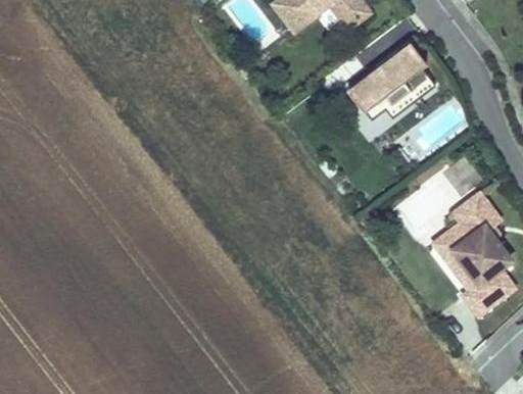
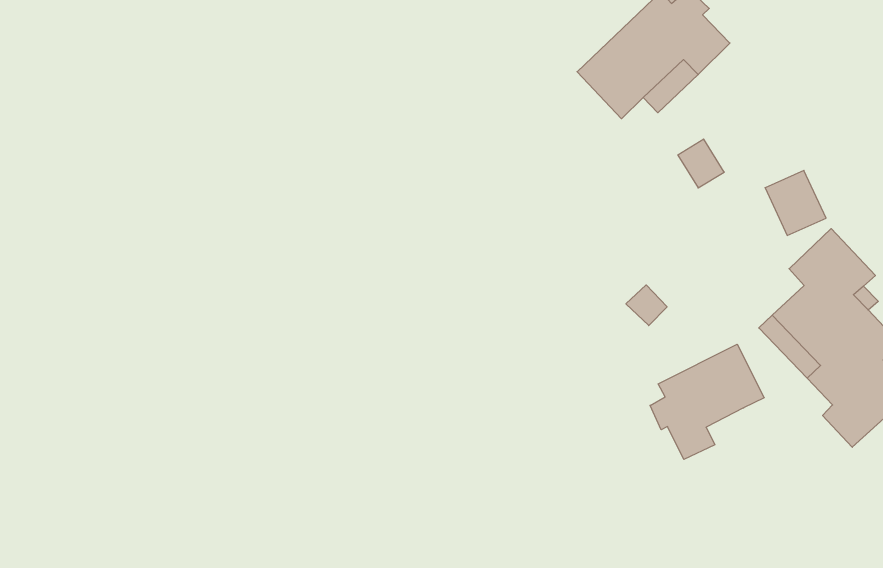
building: none -> [650,344,764,459]

